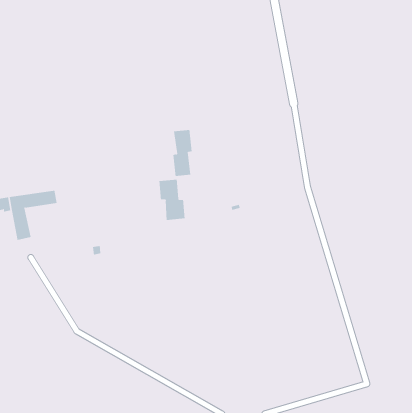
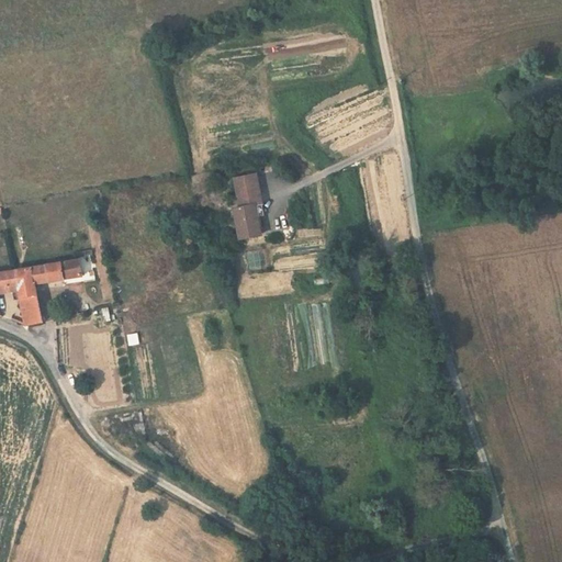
building: [159,179,185,221] -> none

